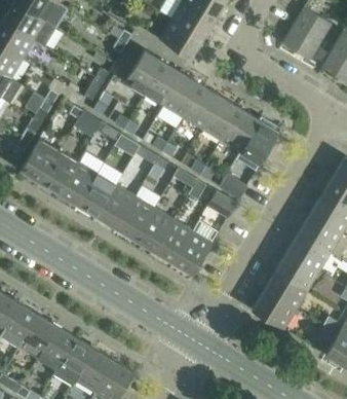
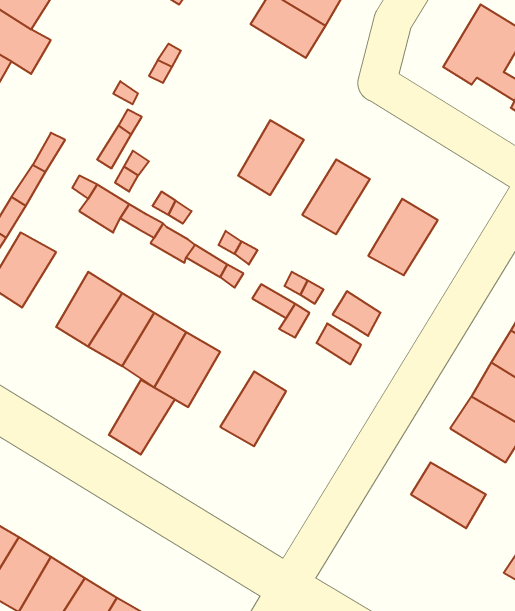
building: [159,19,203,59] -> none
building: [125,50,183,106] -> none
building: [183,85,221,129] -> none
building: [221,108,259,152] -> none
building: [40,150,78,193] -> none
building: [136,208,174,251] -> [109,380,175,455]
building: [174,230,211,275] -> none
building: [275,252,318,290] -> none
building: [252,290,296,329] -> none

